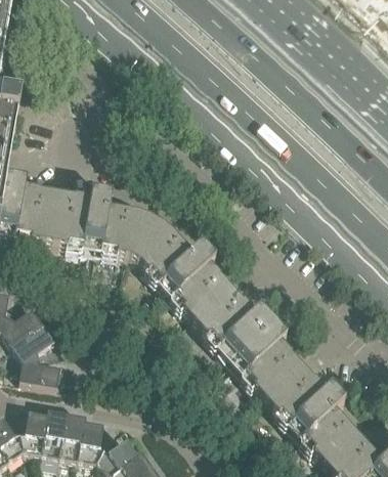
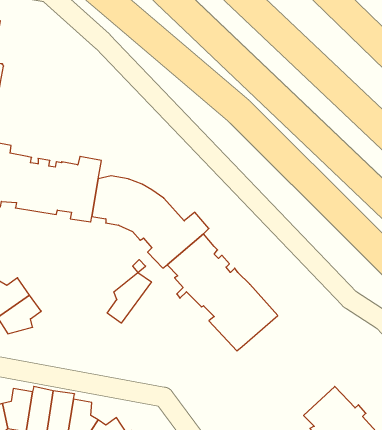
building: none -> [107,272,151,323]
building: [247,340,345,438] -> none
building: [20,351,61,383] -> none

